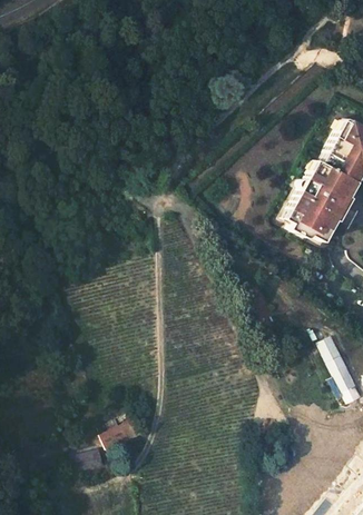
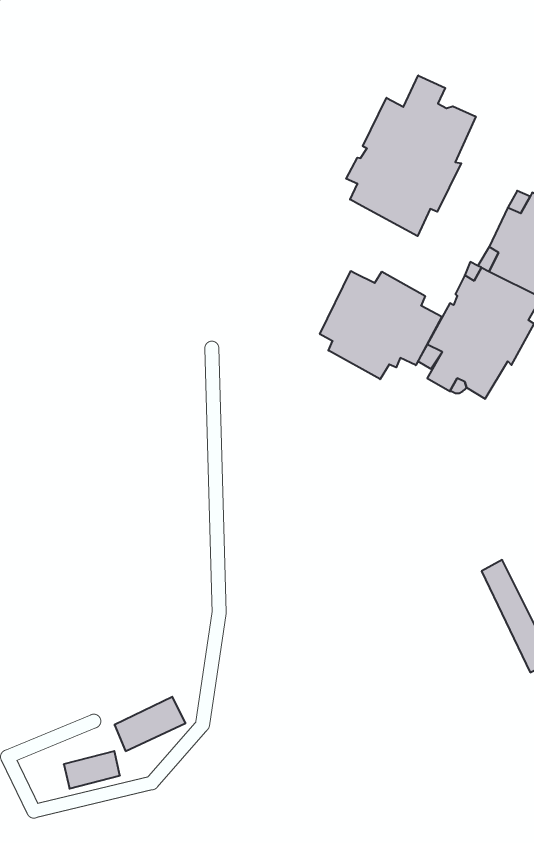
building: none -> [346,75,476,236]
building: none -> [320,271,442,379]

